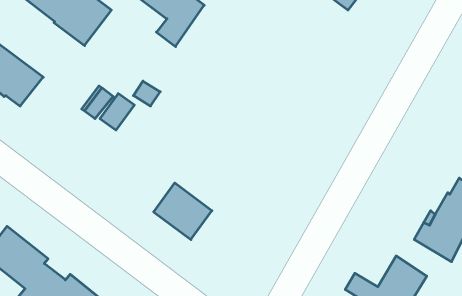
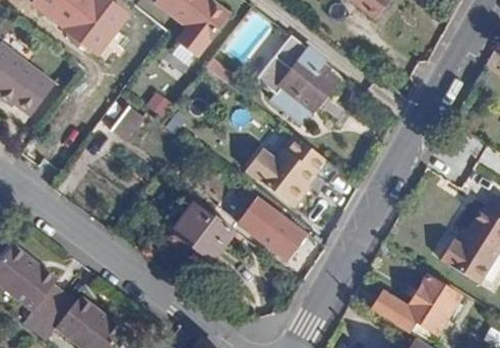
building: none -> [257,36,338,127]
building: none -> [245,134,327,208]
building: none -> [212,178,305,257]

